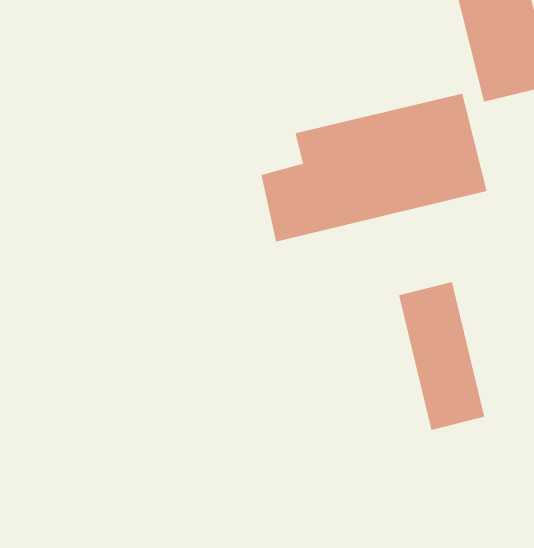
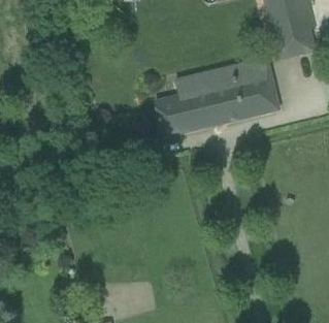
building: [398,281,485,431] -> none

